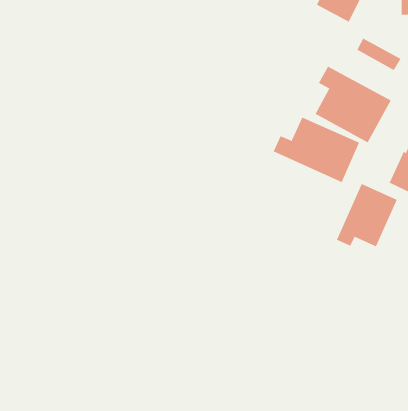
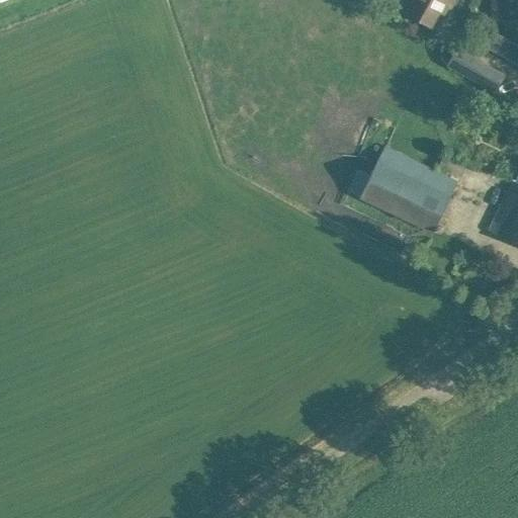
building: [315,66,392,143] -> none
building: [336,183,398,247] -> none

